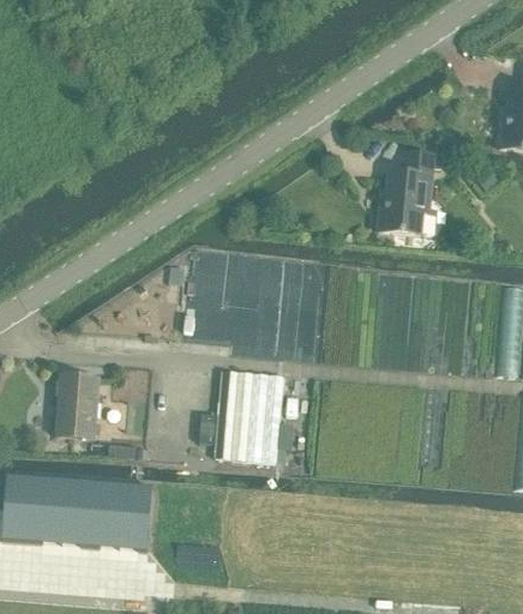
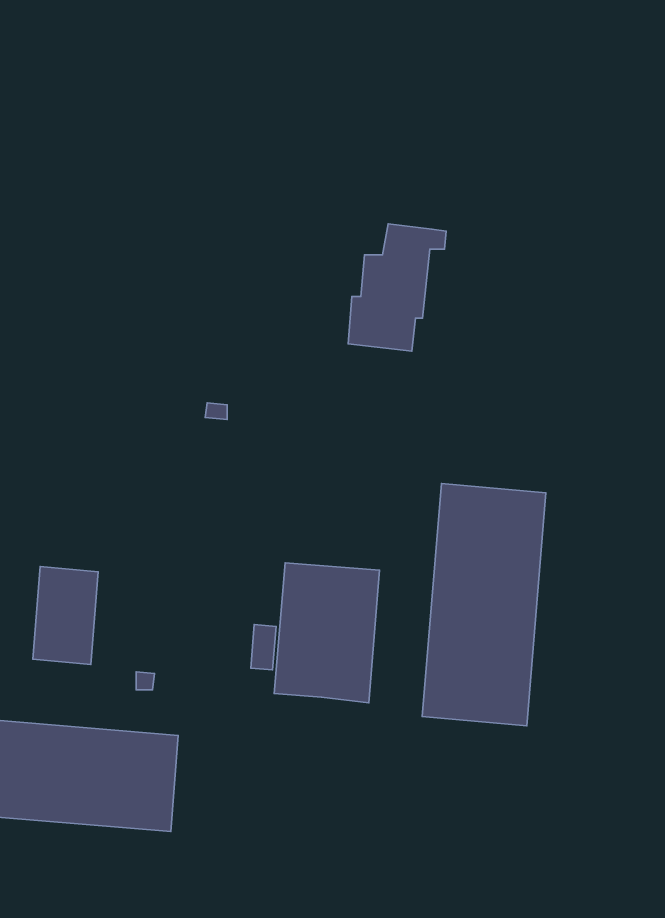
building: [378,151,443,235] -> [348,224,446,351]
building: none -> [422,484,546,726]

